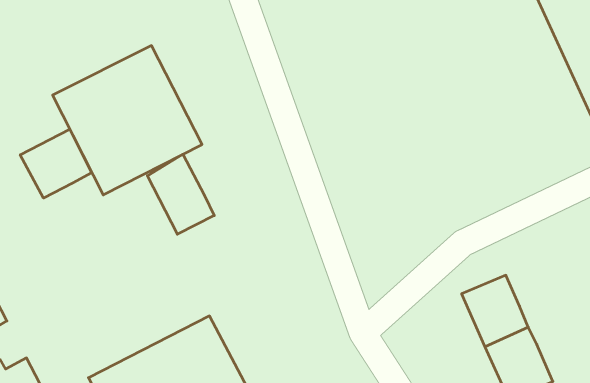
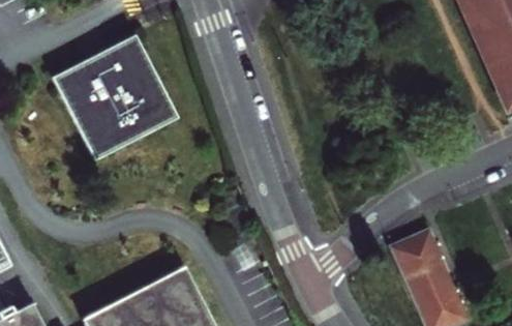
building: [20,129,92,198] -> none
building: [147,154,214,234] -> none

